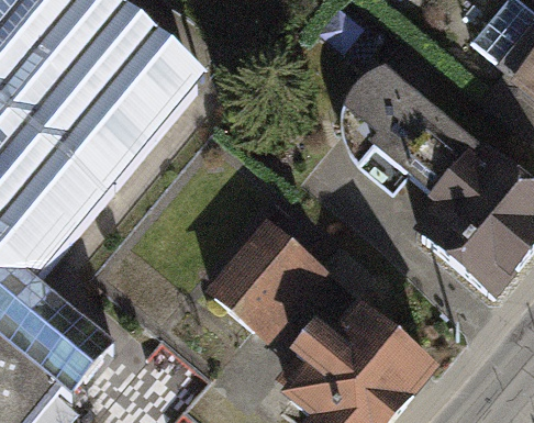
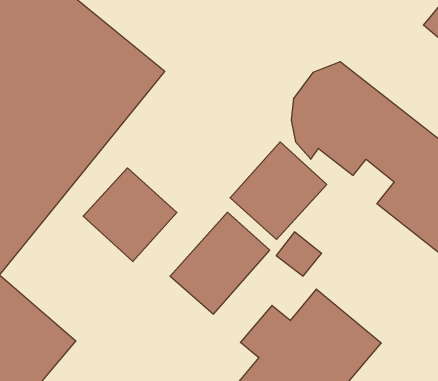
building: none -> [230,142,327,239]
building: none -> [83,168,177,262]

